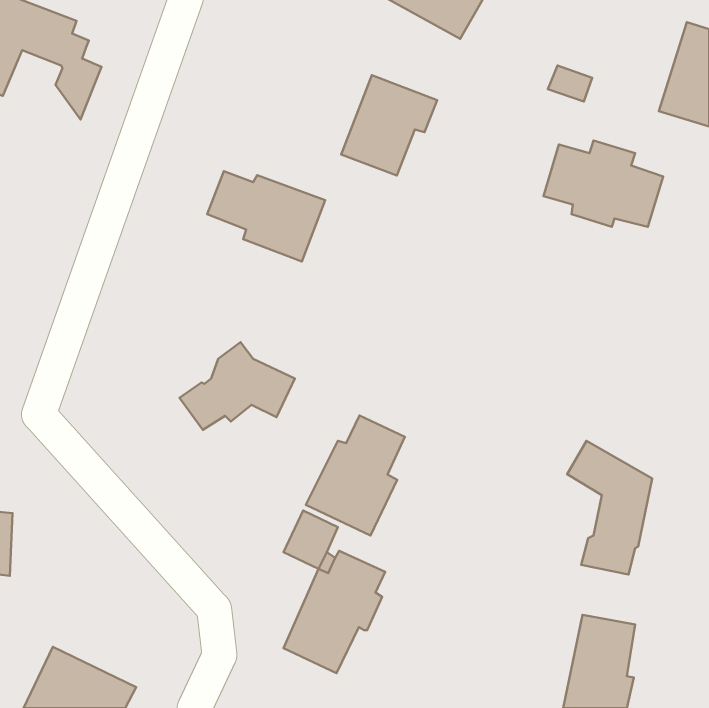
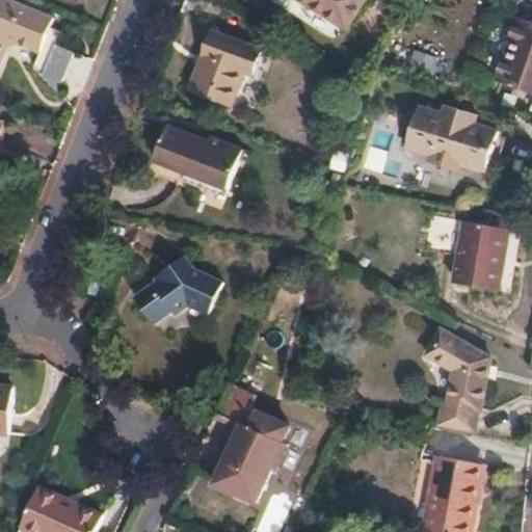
building: [341,75,437,175] -> [190,32,262,107]
building: none -> [452,223,505,280]
building: [306,415,405,536] -> none

